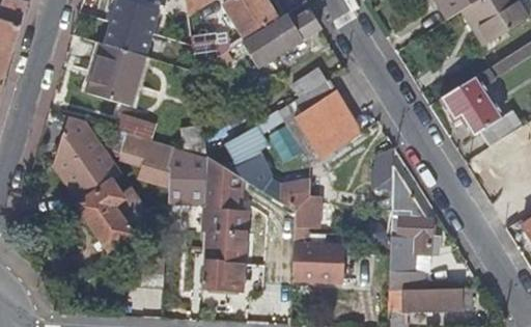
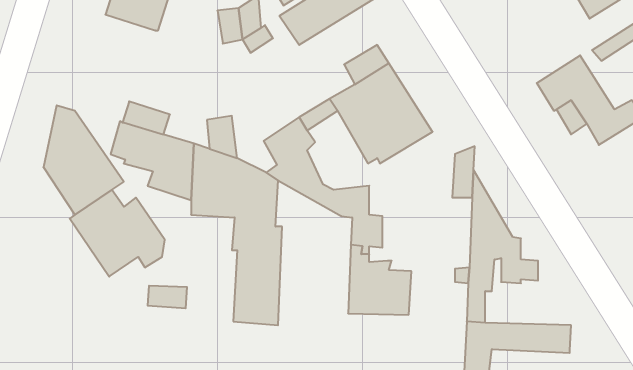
building: [87,43,143,105] -> none

